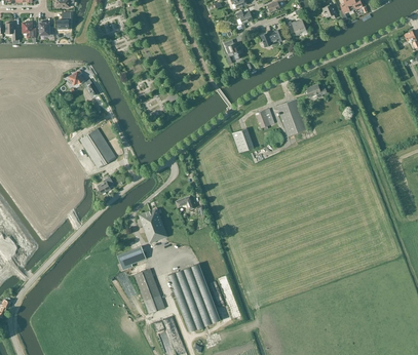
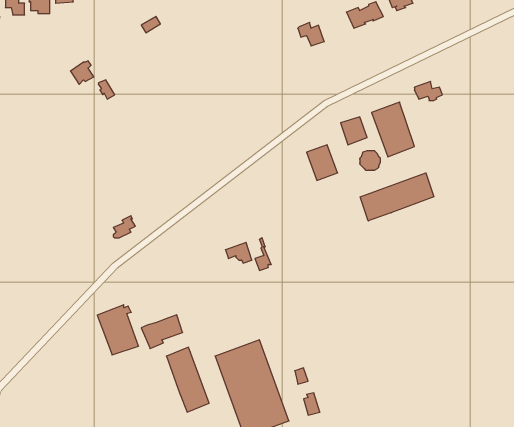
building: [79,127,115,167] -> none
building: none -> [360,173,434,221]
building: [138,207,166,242] -> [97,305,139,355]

